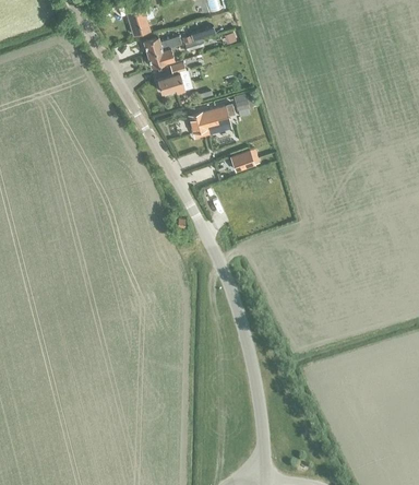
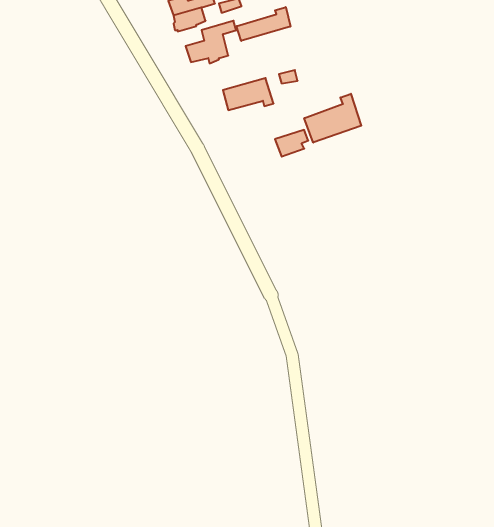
building: none -> [237,7,290,41]
building: none -> [304,94,361,143]

